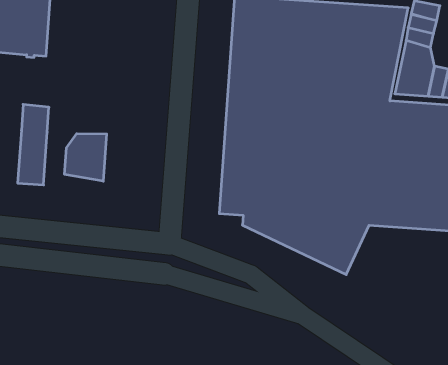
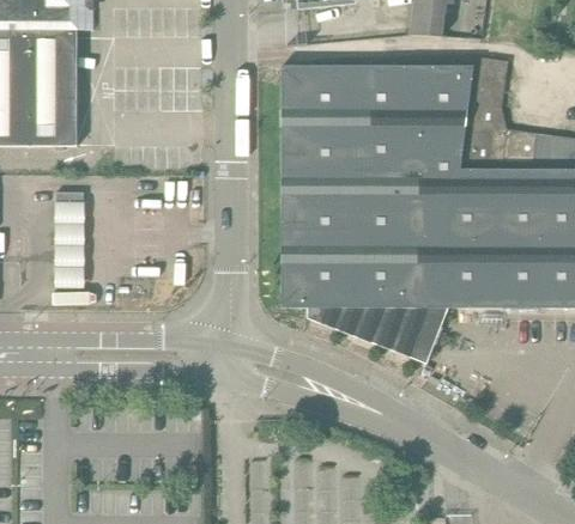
building: [65,134,107,181] -> none

